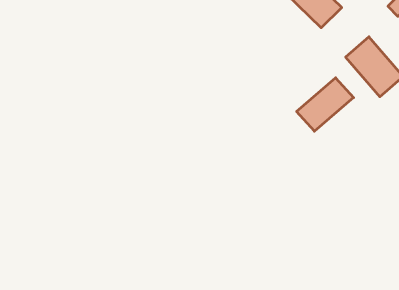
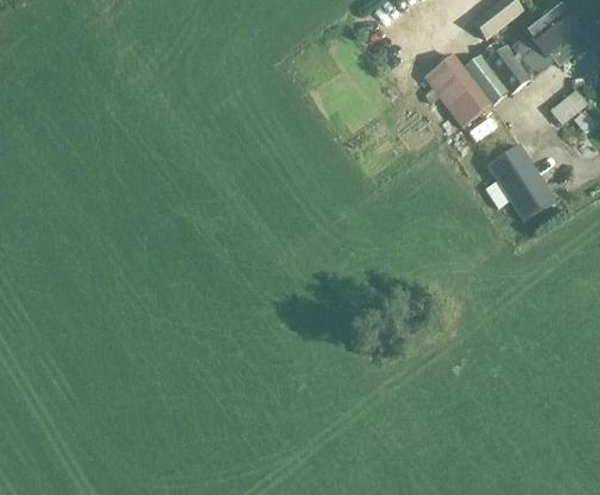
building: [297,78,354,131] -> none

